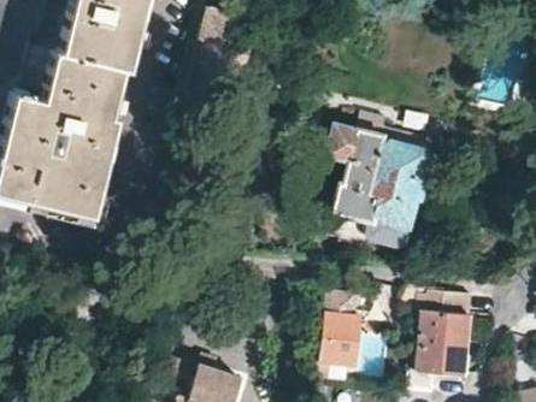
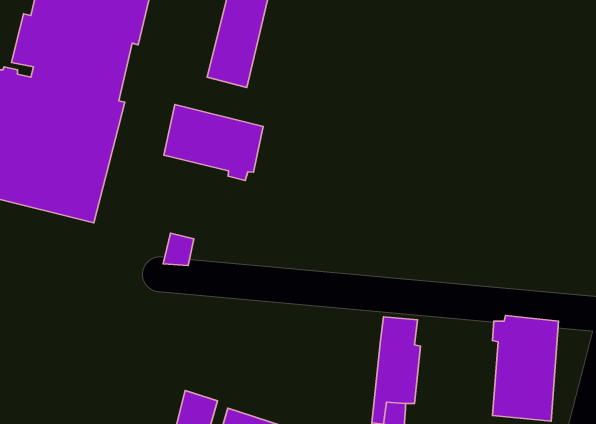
building: none -> [164,104,263,180]
building: [328,125,426,244] -> none

